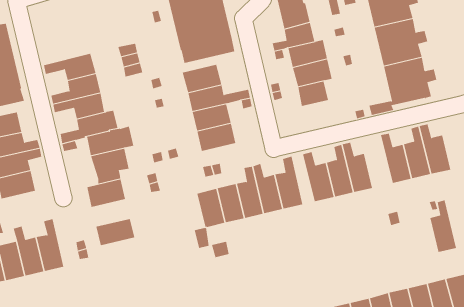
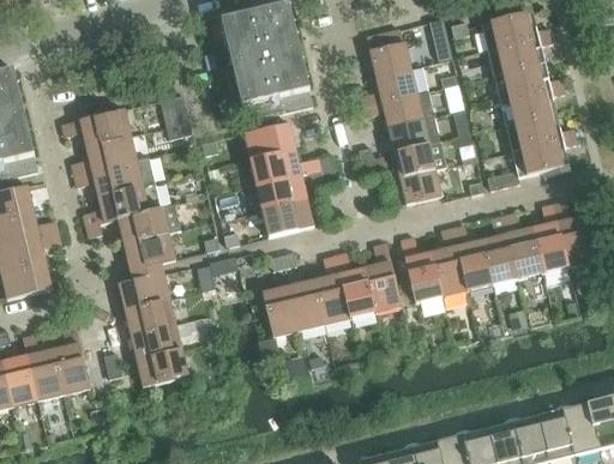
building: none -> [398,169,440,204]
building: none -> [124,299,175,335]
building: [429,199,457,253] -> [481,215,517,284]
building: none -> [136,349,187,386]

